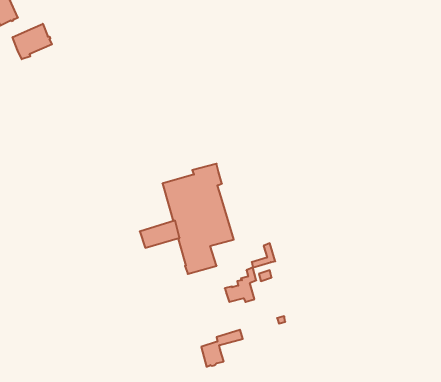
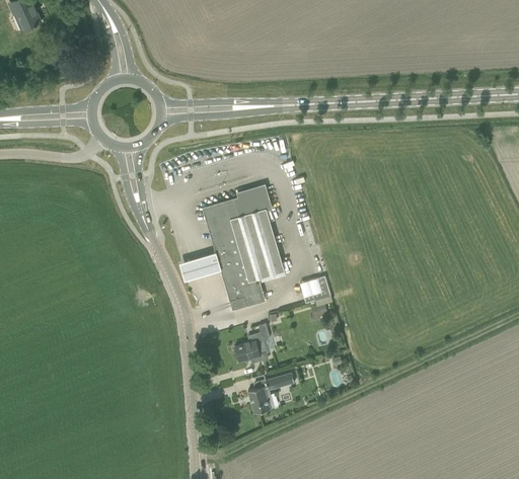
building: [13,24,52,59] -> none
building: [225,268,256,302] -> [234,323,270,362]

